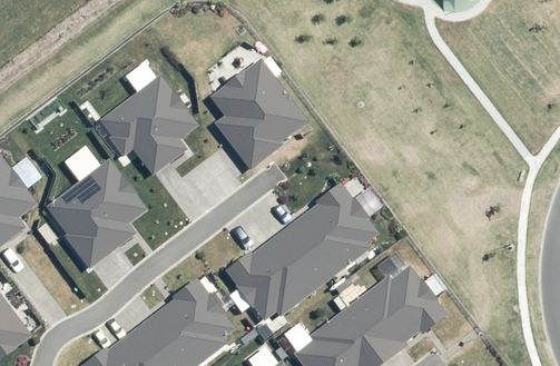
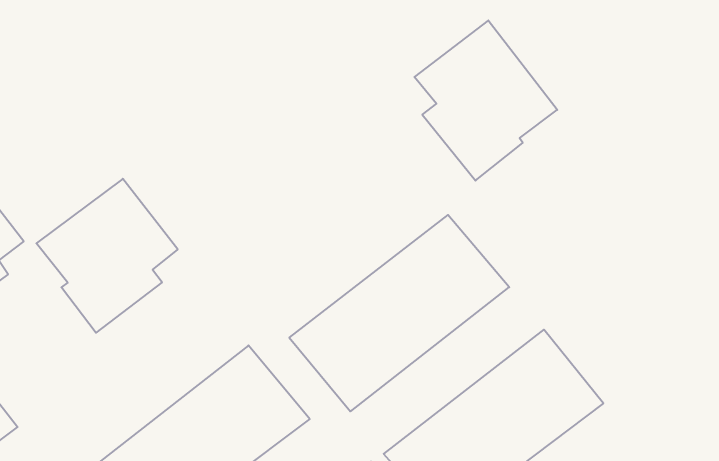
building: [207,57,308,170] -> [414,20,557,181]
building: [98,75,197,177] -> none

